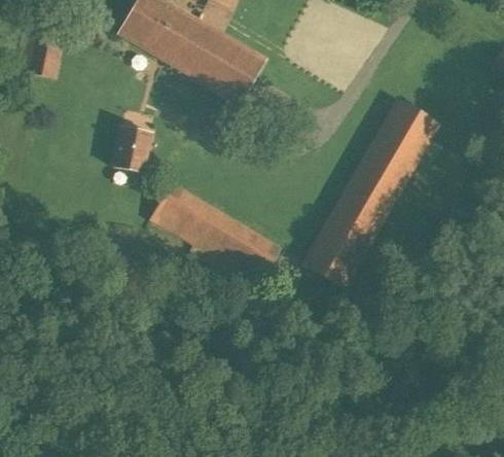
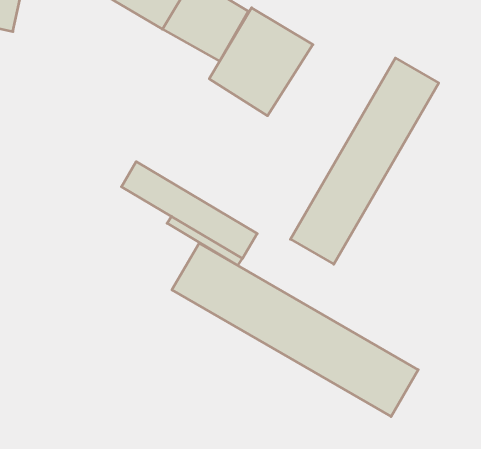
building: none -> [209,8,313,116]
building: [113,125,150,170] -> none
building: none -> [172,243,418,417]

